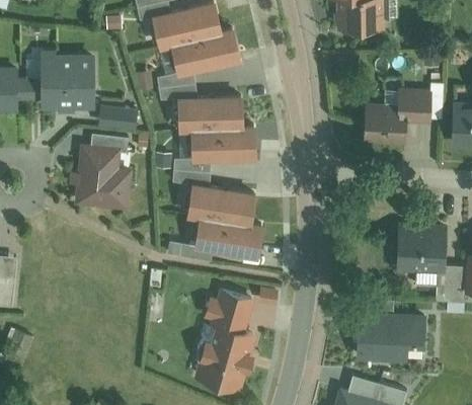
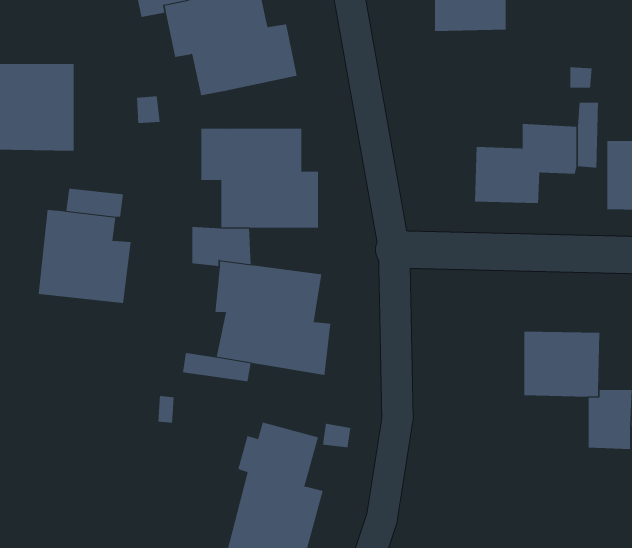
building: [159,71,198,102] -> none
building: [99,106,139,131] -> none
building: [355,300,420,361] -> none

